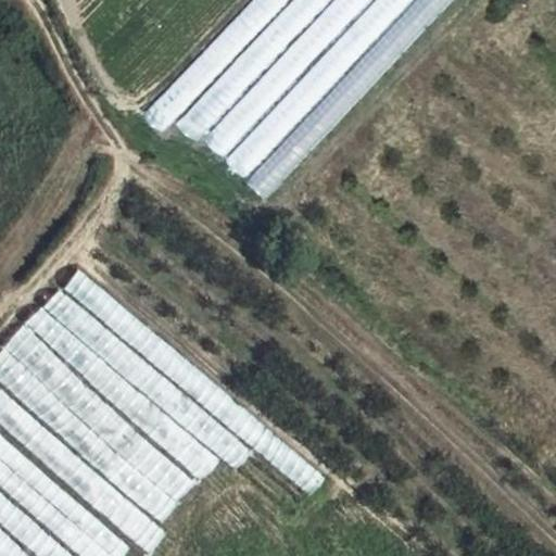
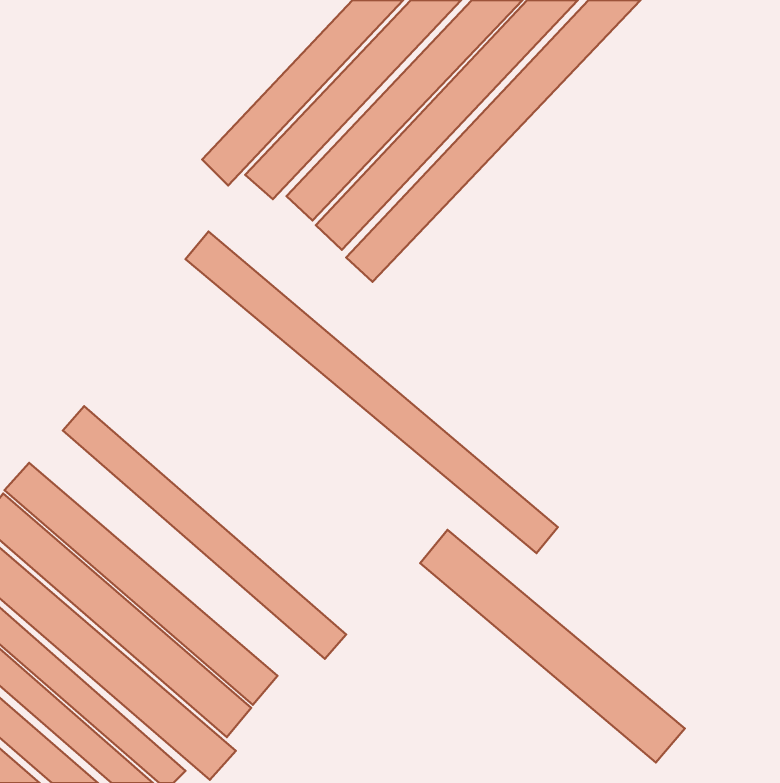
building: [62,267,326,495] -> [186,232,558,553]
building: [22,305,215,478] -> none
building: none -> [420,530,685,763]

